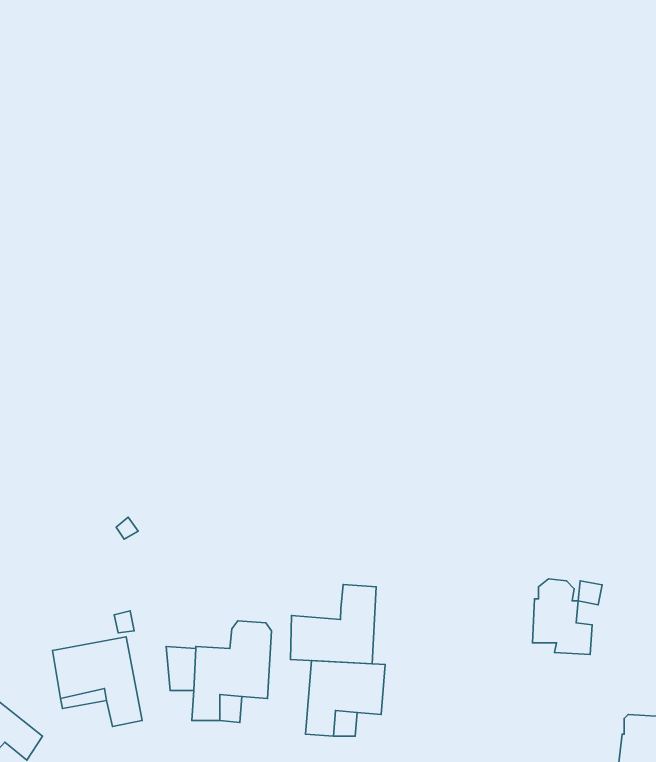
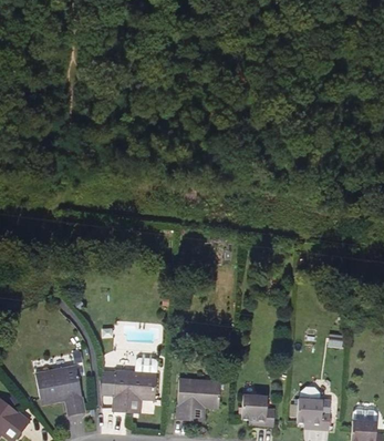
building: [532,579,592,655] -> [297,387,330,429]
building: [290,585,376,664] -> none
building: none -> [241,394,274,425]

